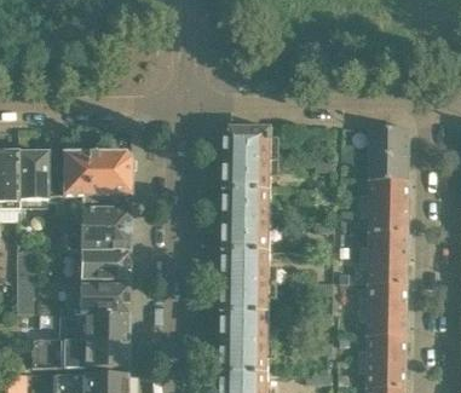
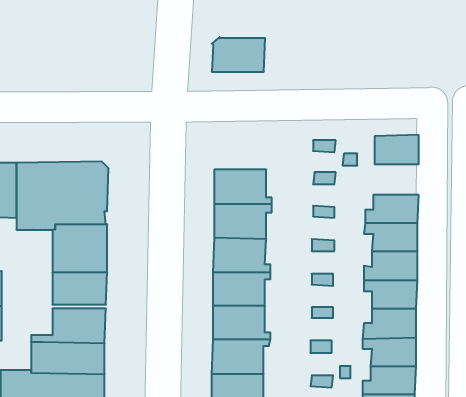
building: [224,127,272,158] -> [212,37,265,72]
building: [368,154,409,181] -> none

